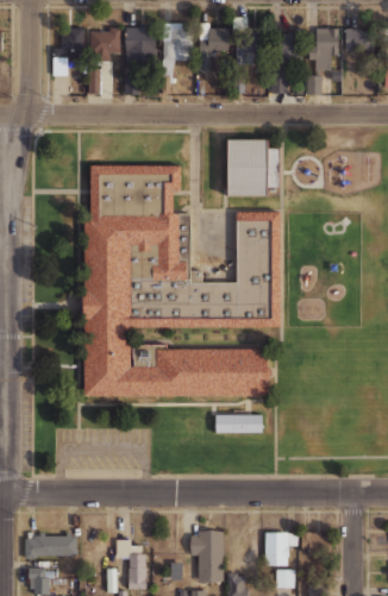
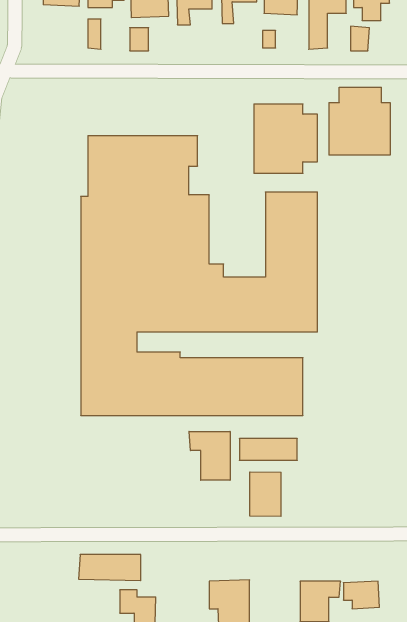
building: none -> [329,87,390,155]
building: none -> [189,431,230,480]
building: none -> [250,472,281,516]
building: [24,535,75,557] -> [79,555,141,581]

